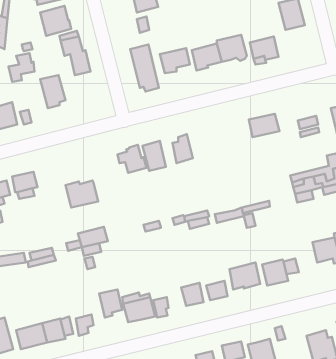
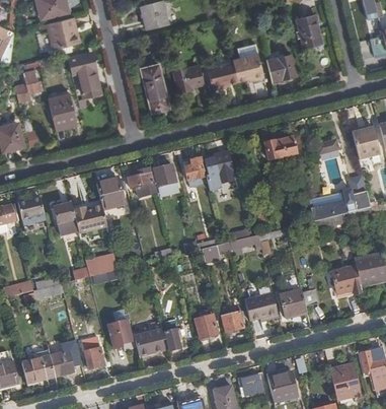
building: none -> [206,149,236,182]
building: none -> [96,176,125,207]
building: none -> [53,203,78,233]

